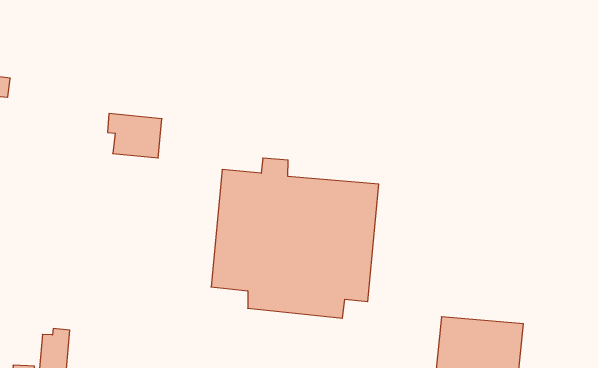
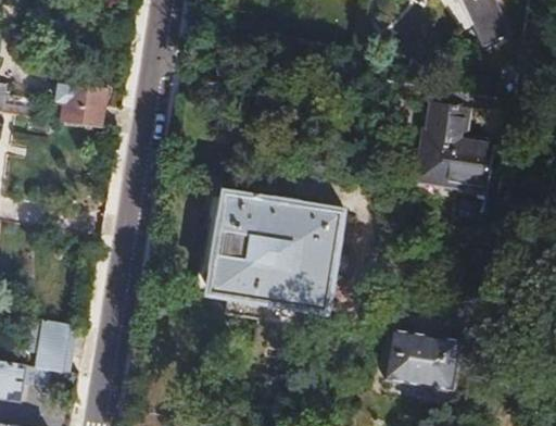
building: none -> [418,102,497,184]
building: [108,114,162,158] -> [60,86,108,127]

